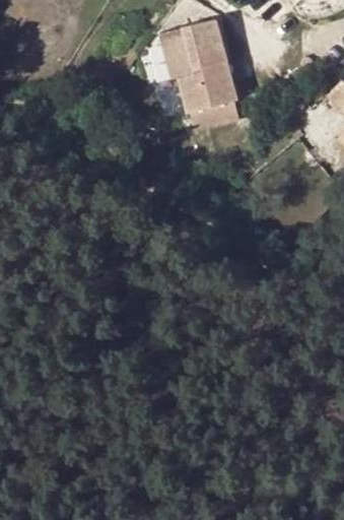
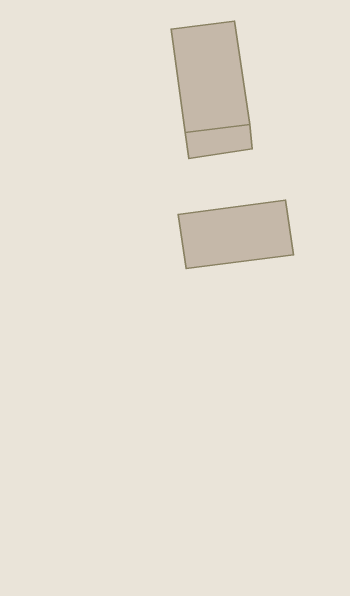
building: none -> [178,200,294,269]

